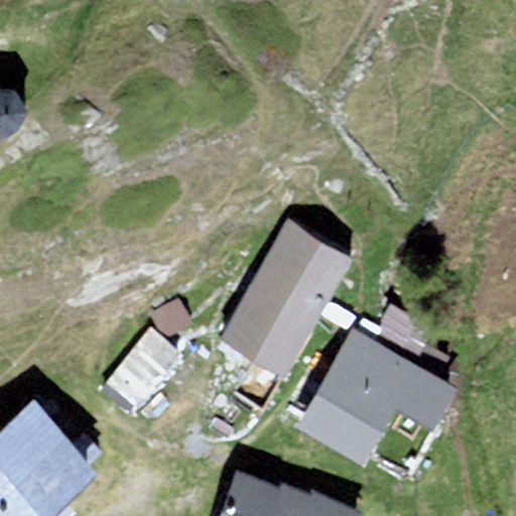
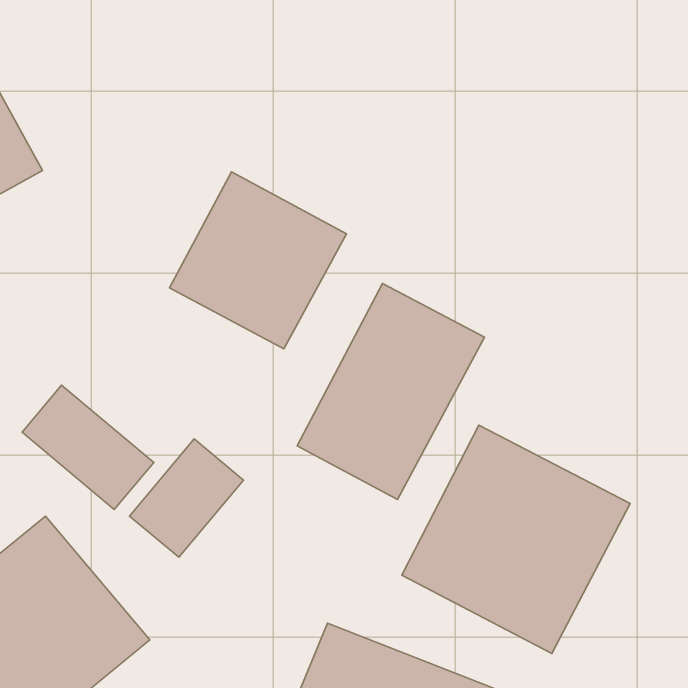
building: none -> [169,172,346,349]
building: none -> [22,385,154,509]

